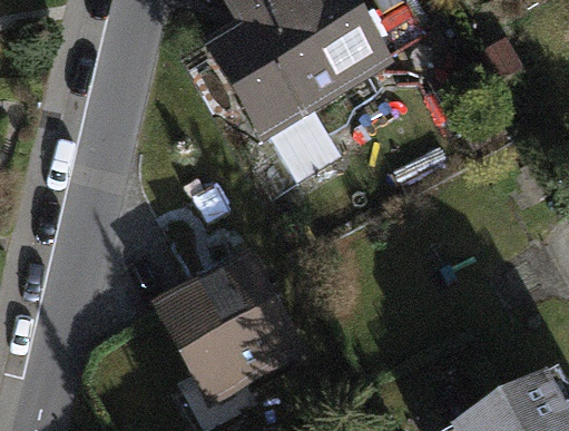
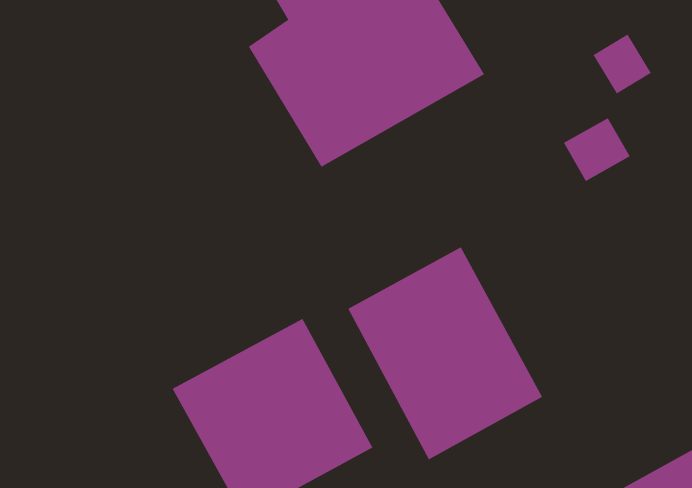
building: none -> [347,246,543,460]

